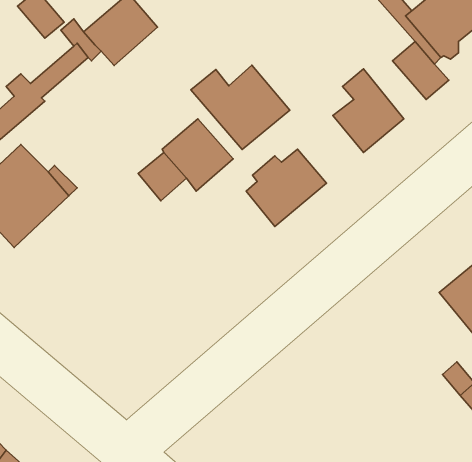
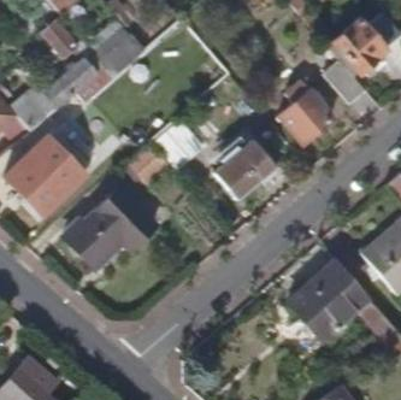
building: [191,65,290,149] -> none
building: none -> [63,189,154,267]
building: none -> [289,259,368,339]

